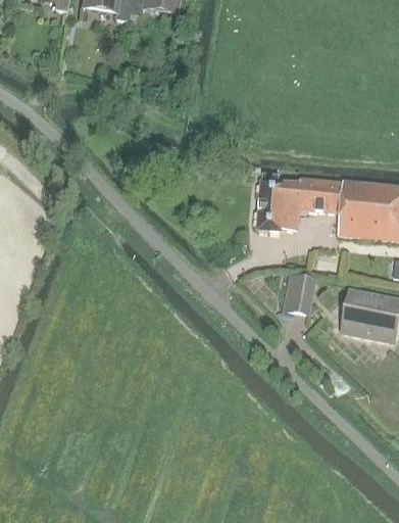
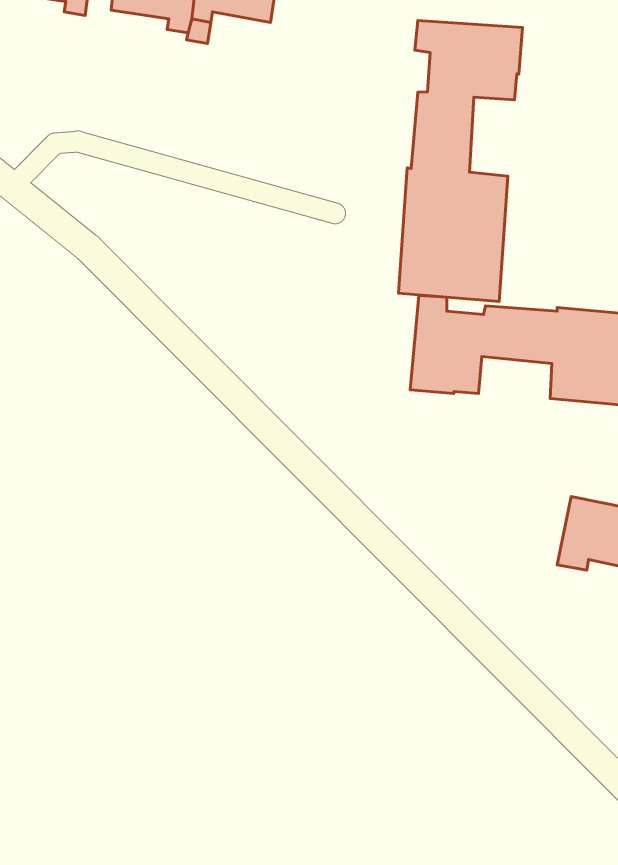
building: none -> [399,20,523,301]
building: [284,275,314,313] -> none

